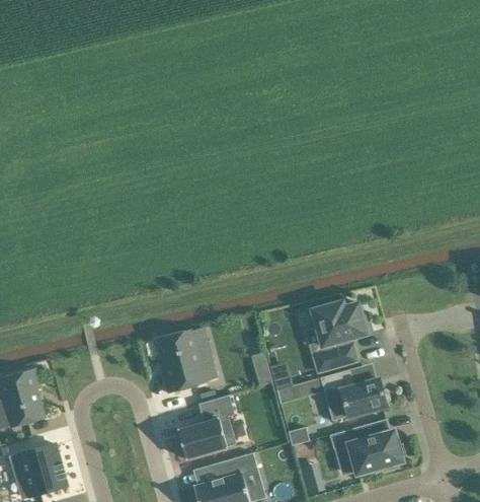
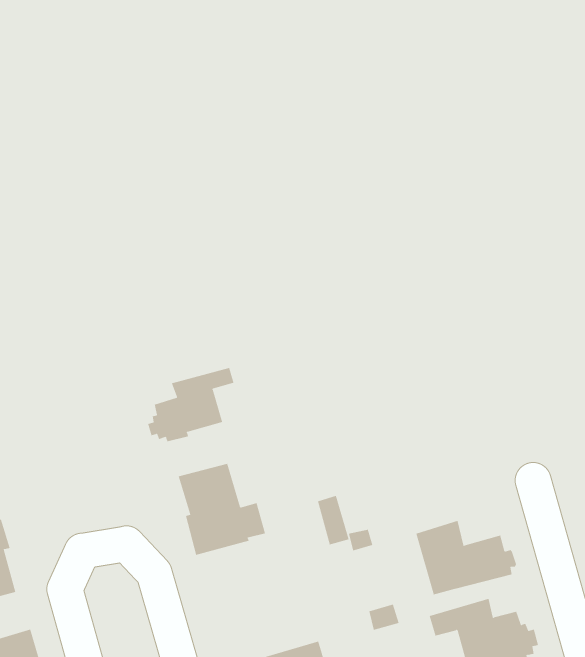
building: none -> [147,367,234,442]
building: [312,301,367,372] -> none
building: [178,396,236,459] -> none

